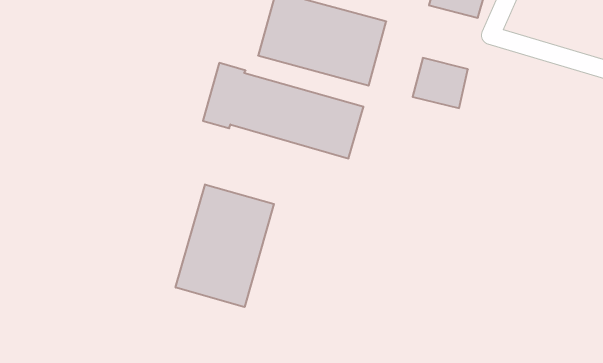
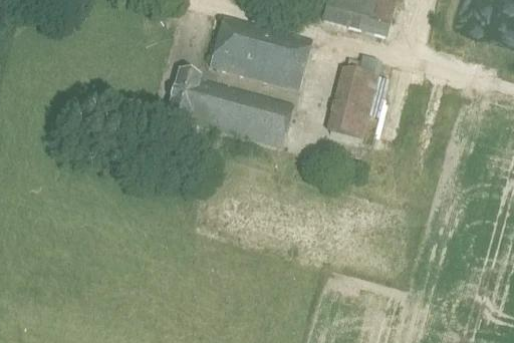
building: none -> [326,98,371,141]
building: [176,184,274,307] -> none

